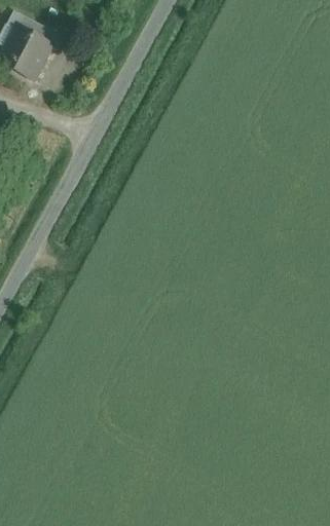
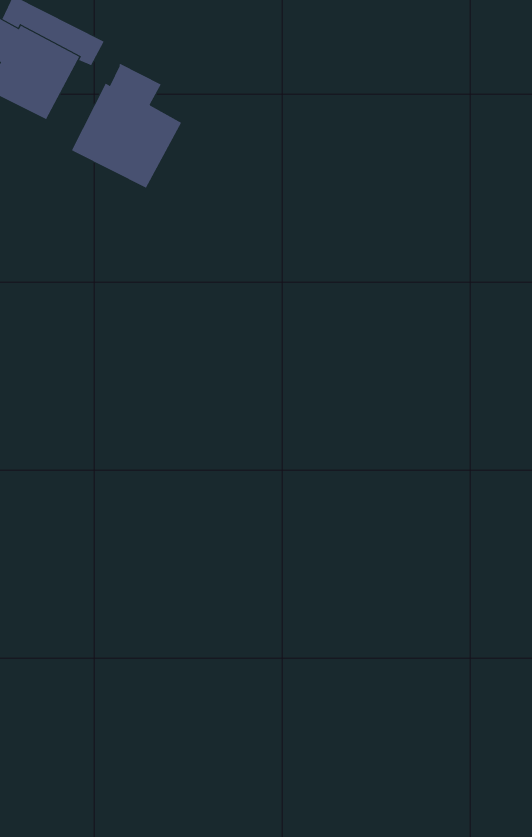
building: none -> [71,63,182,189]

